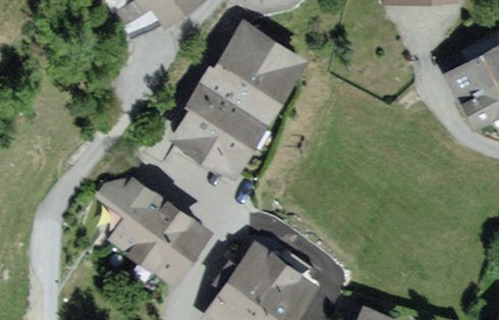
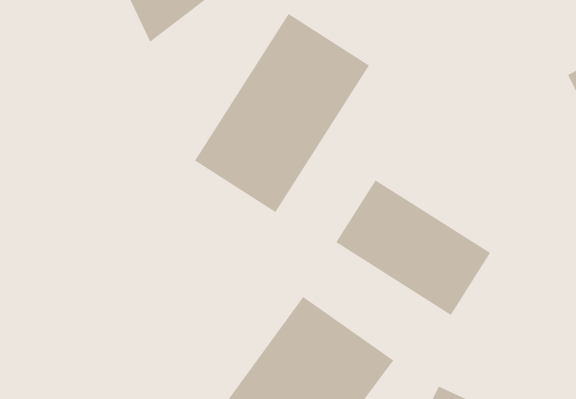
building: none -> [336,179,491,316]
building: [105,168,217,291] -> none

